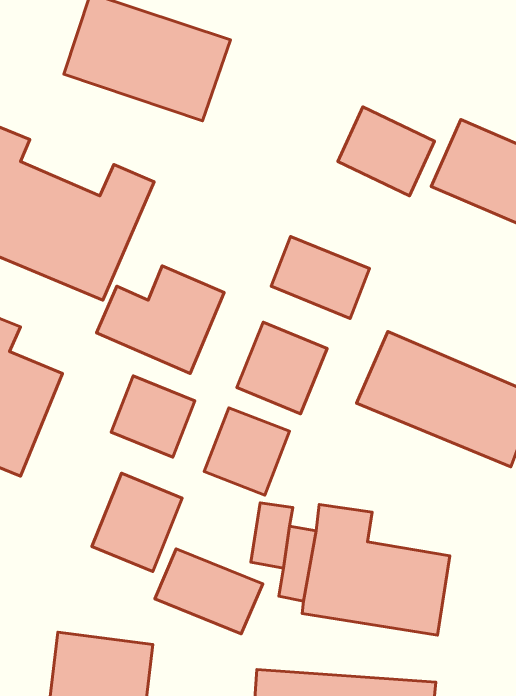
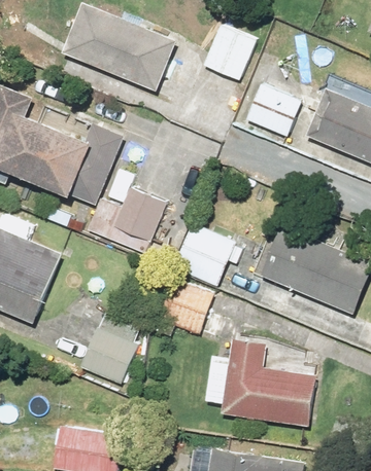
building: none -> [201,22,254,81]
building: [271,237,370,318] -> none
building: [111,376,195,457] -> none
building: [155,549,263,634] -> none

